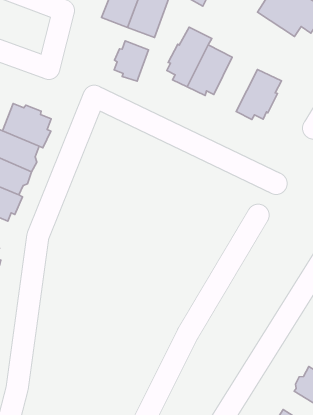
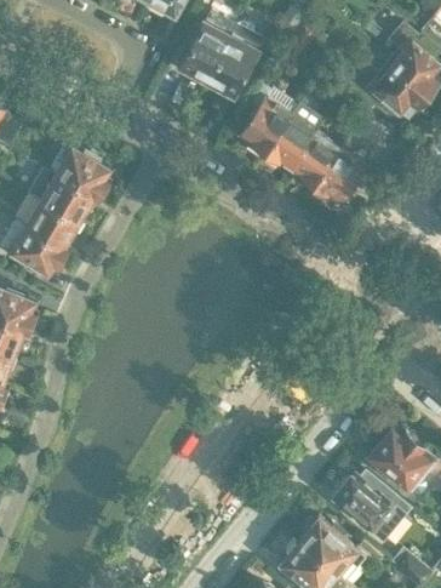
building: [114,41,148,81] -> none
building: none -> [288,130,339,189]

